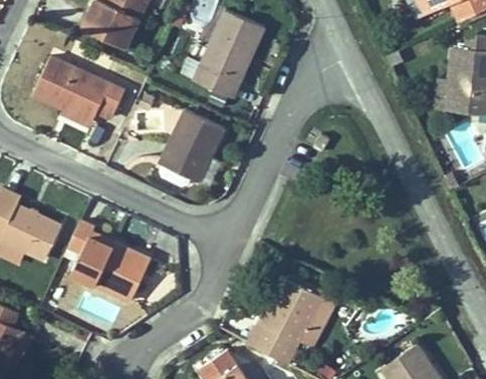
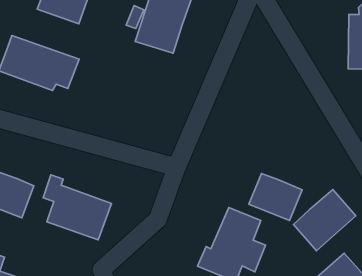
building: [160,104,226,178] -> none
building: none -> [249,173,302,221]
building: none -> [293,190,356,251]

